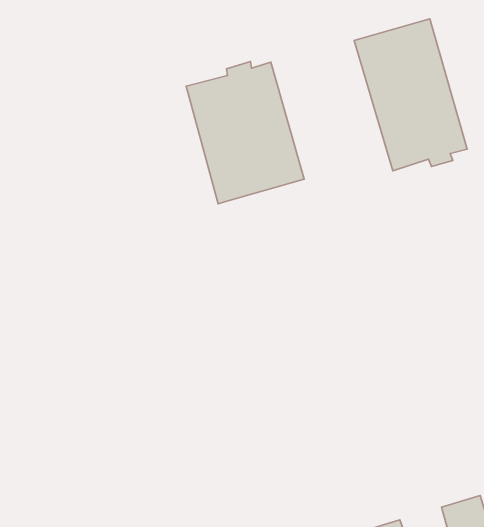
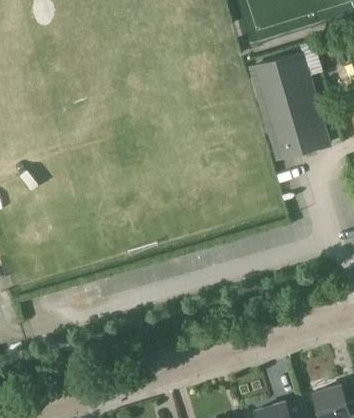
building: [186,61,304,204] -> none

